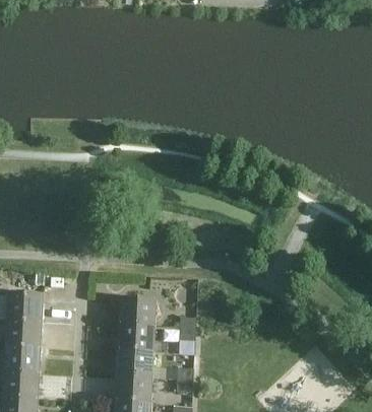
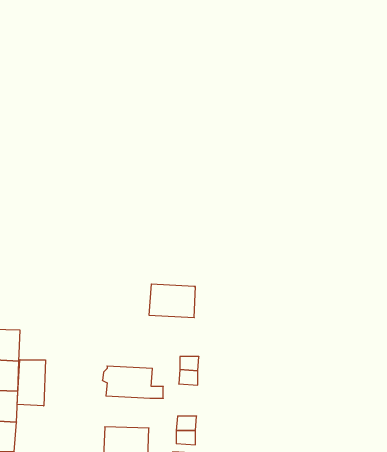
building: [117,297,157,326] -> [149,284,195,318]
building: none -> [17,360,45,406]
building: [115,349,153,376] -> none

